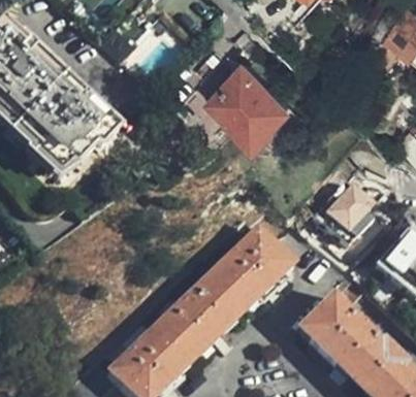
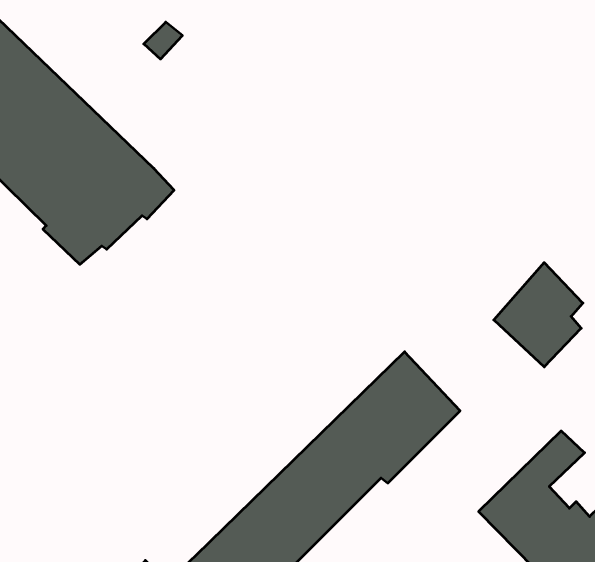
building: [203,59,287,142] -> none

